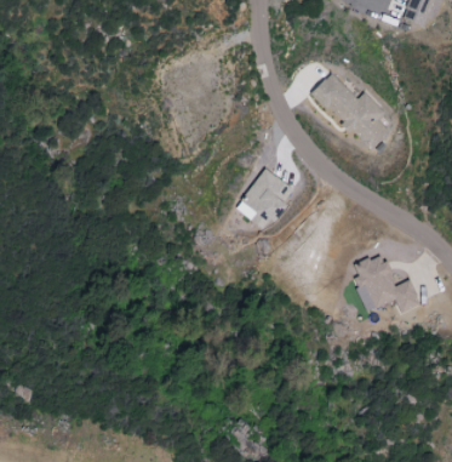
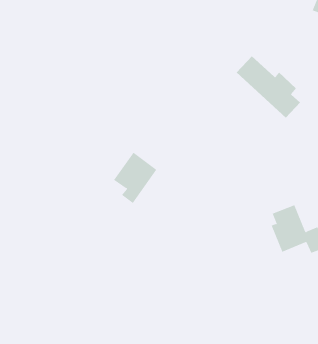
building: [241,169,294,232] -> [113,152,157,204]

